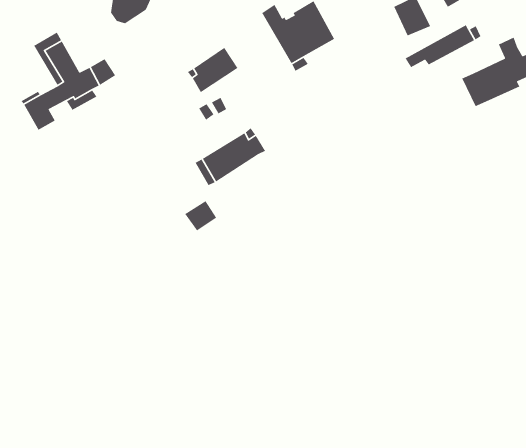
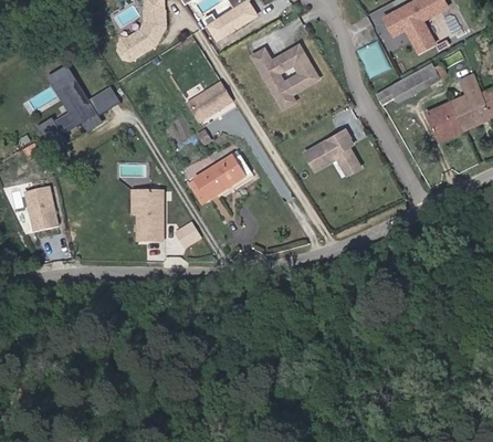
building: none -> [303,127,358,172]
building: none -> [28,190,61,235]
building: none -> [145,196,168,243]

